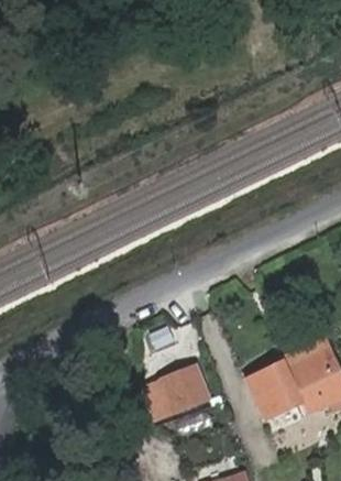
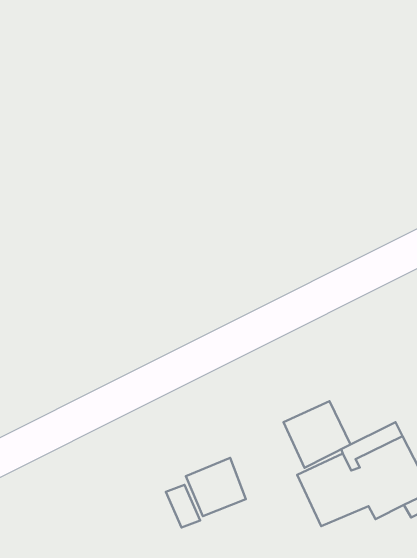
building: none -> [283,401,351,468]

